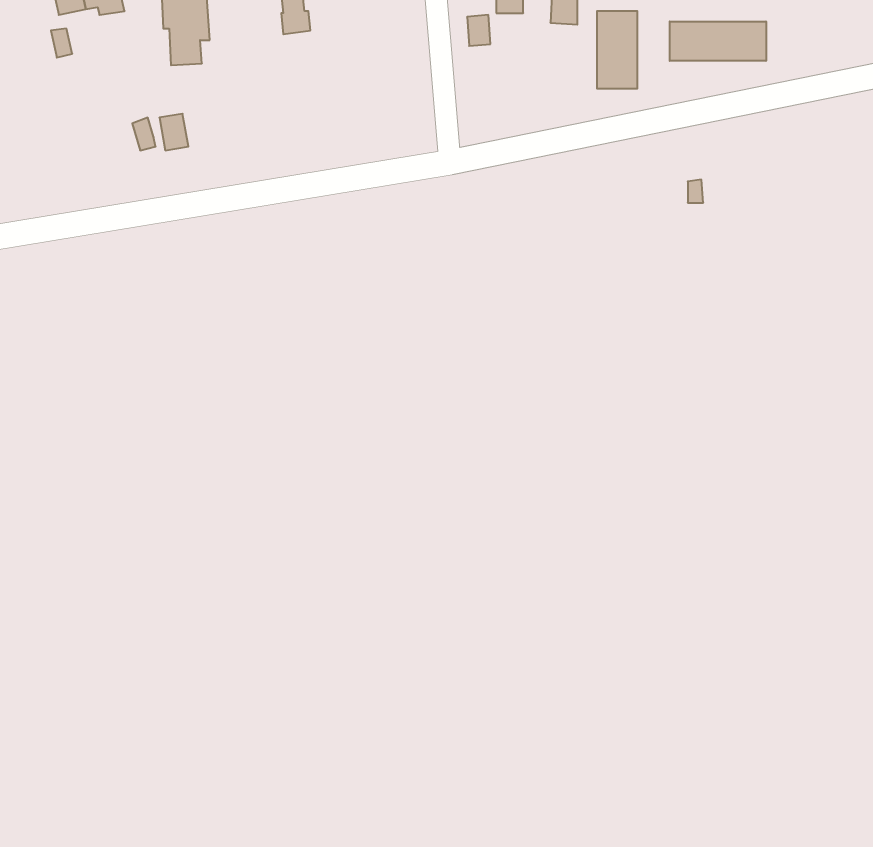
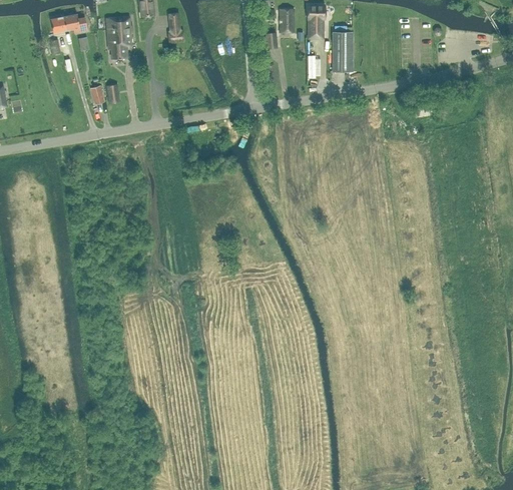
building: [670,21,766,61] -> none

